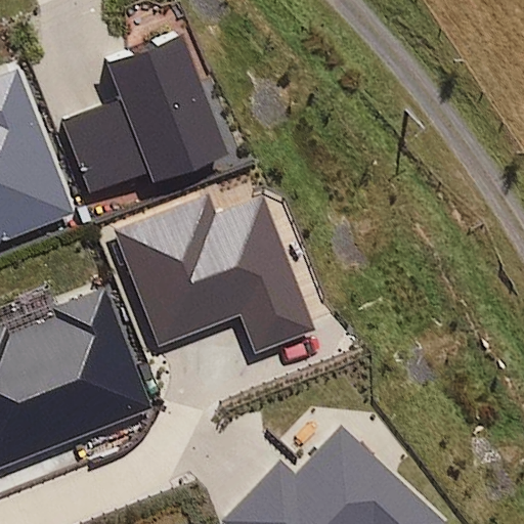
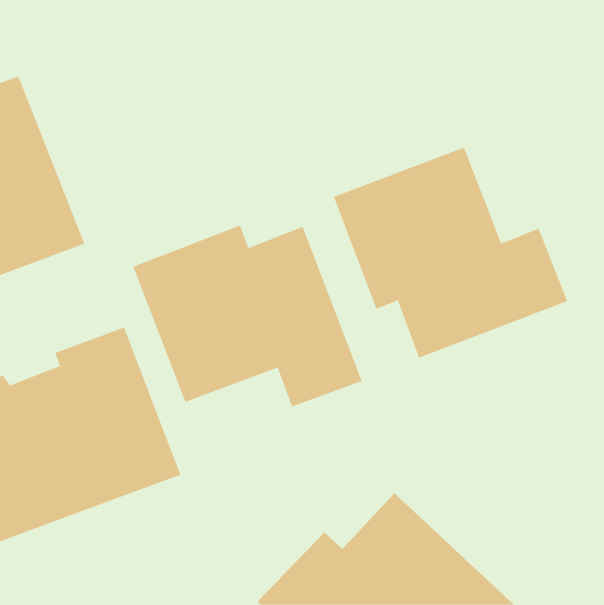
building: [60,33,228,193] -> none
building: none -> [333,147,568,358]

